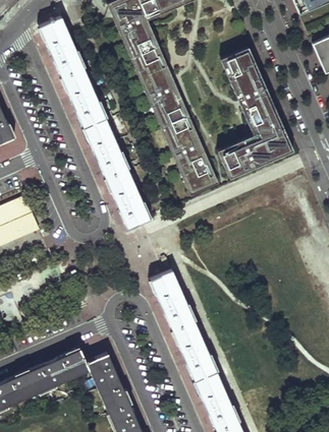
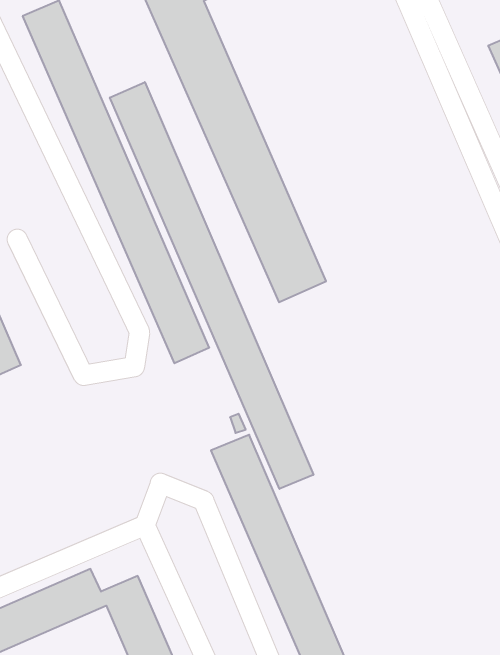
building: [220,46,291,174] -> none
building: none -> [110,82,313,489]

